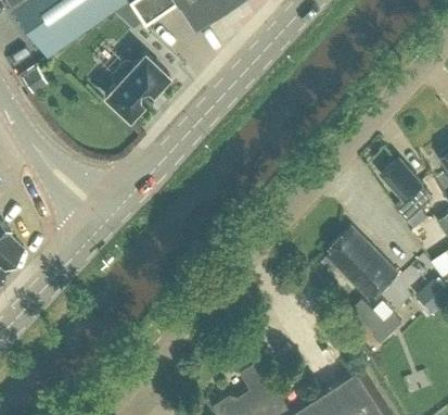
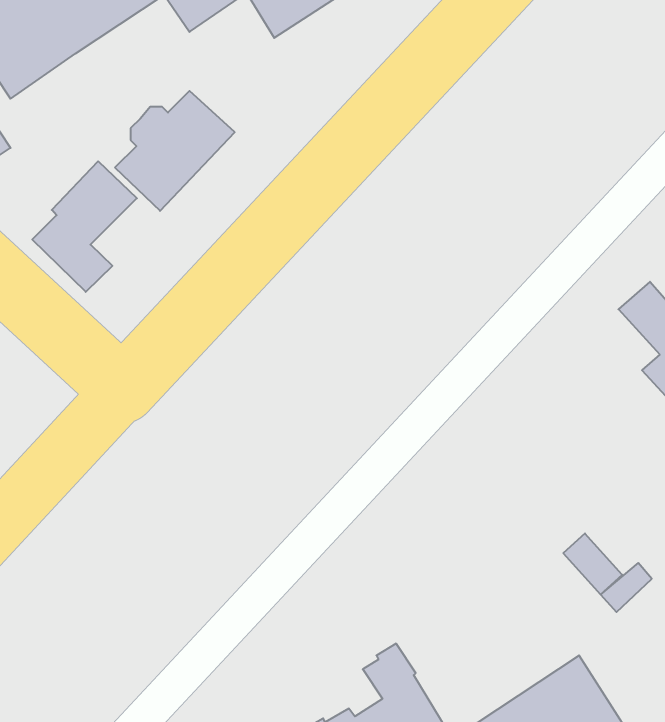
building: none -> [32,161,137,292]
building: [328,228,397,302] -> none

